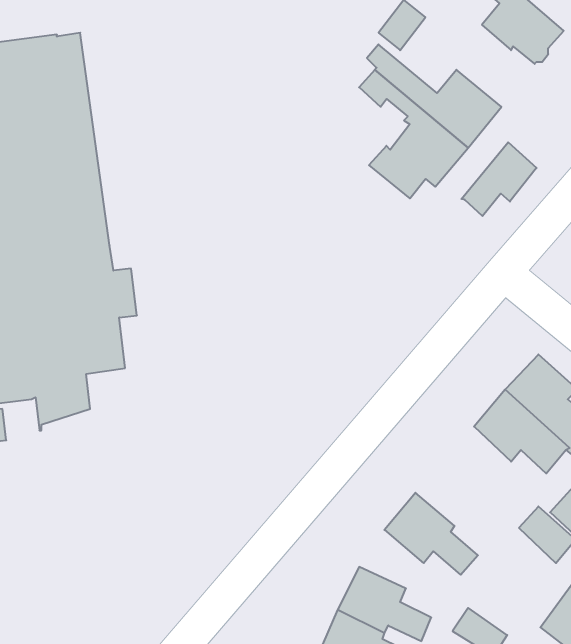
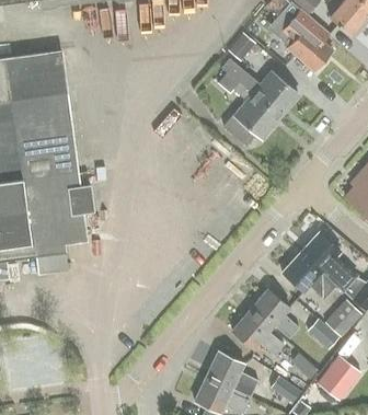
building: [461,142,537,216] -> none
building: none -> [250,289,299,338]

